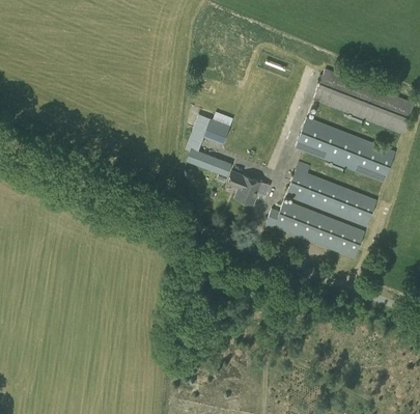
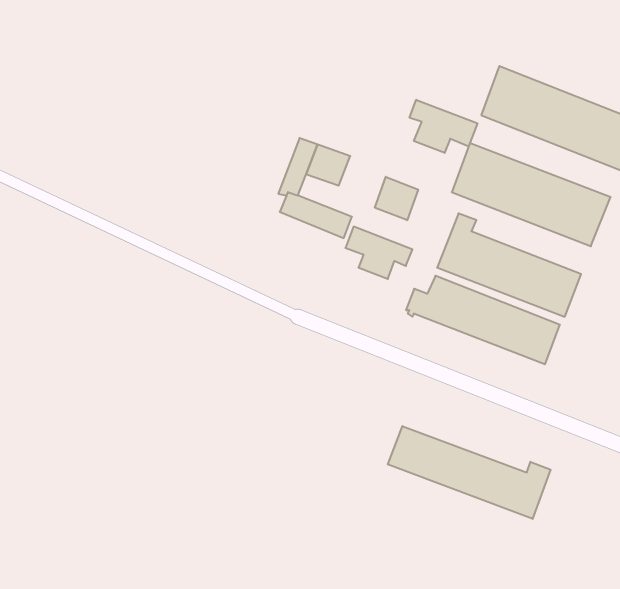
building: none -> [410,100,477,153]
building: none -> [375,177,418,220]
building: none -> [388,426,551,519]

